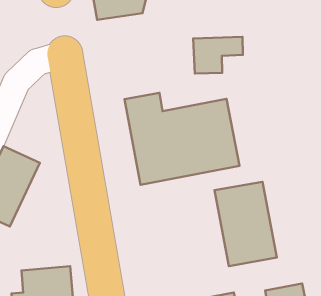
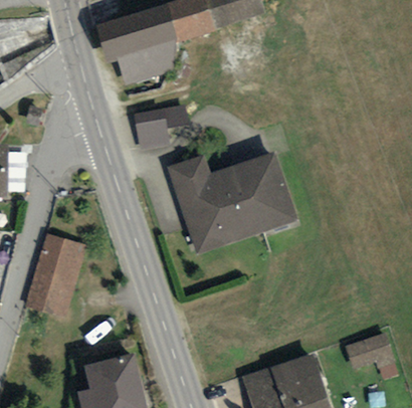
building: [193,37,243,74] -> [133,105,188,151]
building: [214,182,277,266] -> none

